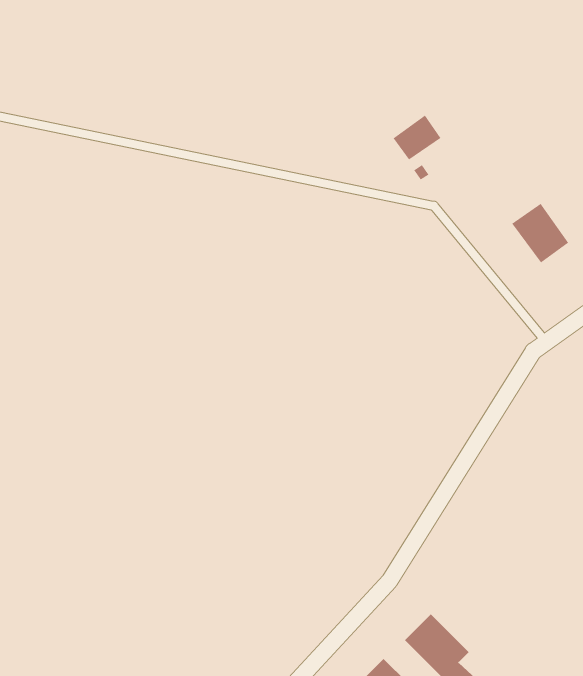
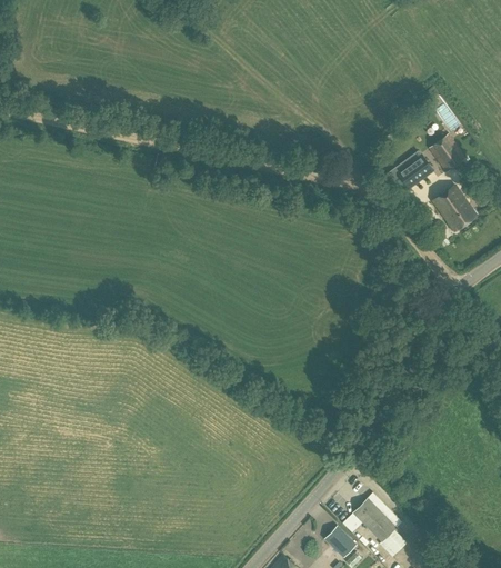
building: [393,115,442,160] -> [395,155,432,189]
building: none -> [429,134,464,172]

